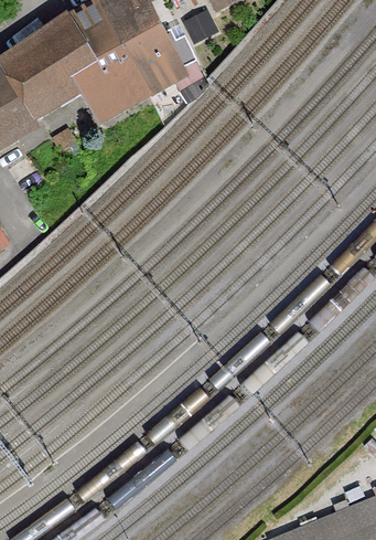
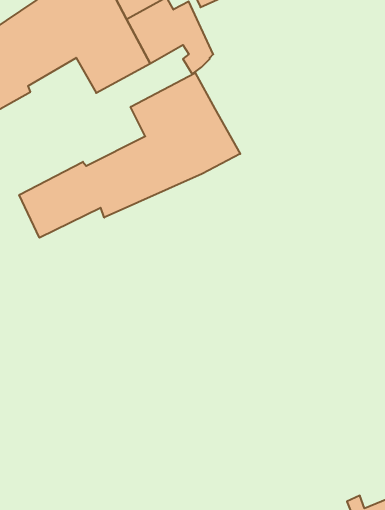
building: none -> [19,73,240,238]

